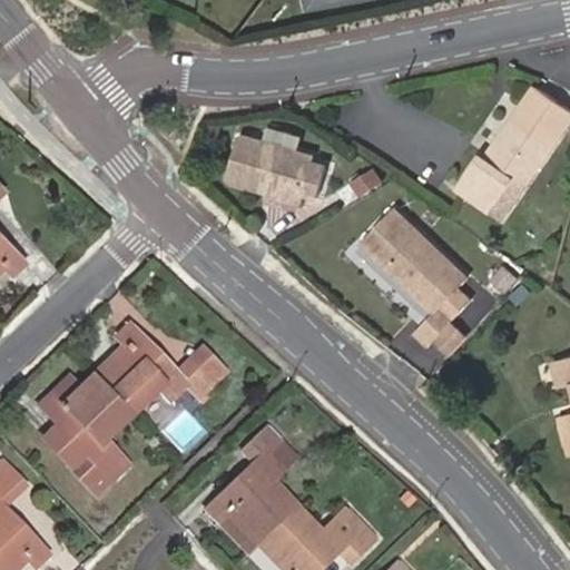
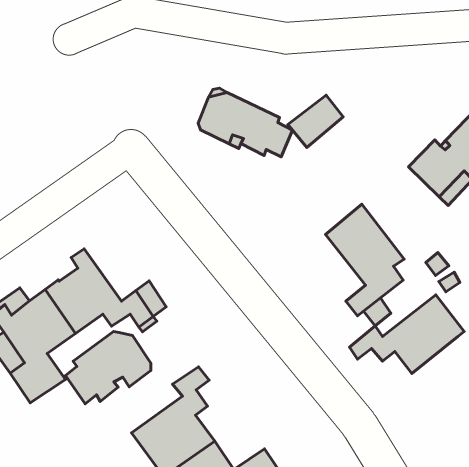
building: [356,212,413,269] -> [288,95,343,147]
building: none -> [349,295,464,373]
building: none -> [66,331,151,404]

